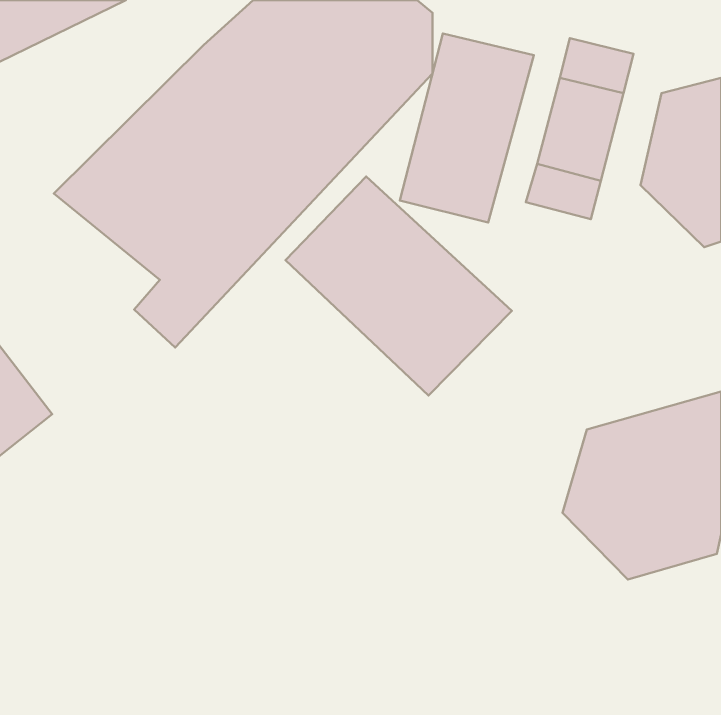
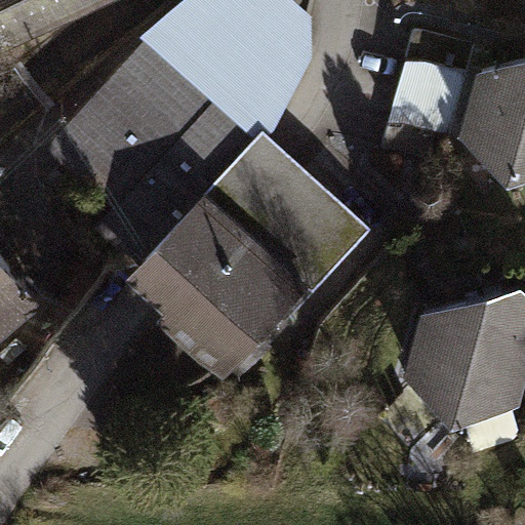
building: [400,33,534,222] -> none
building: none -> [130,194,311,382]

